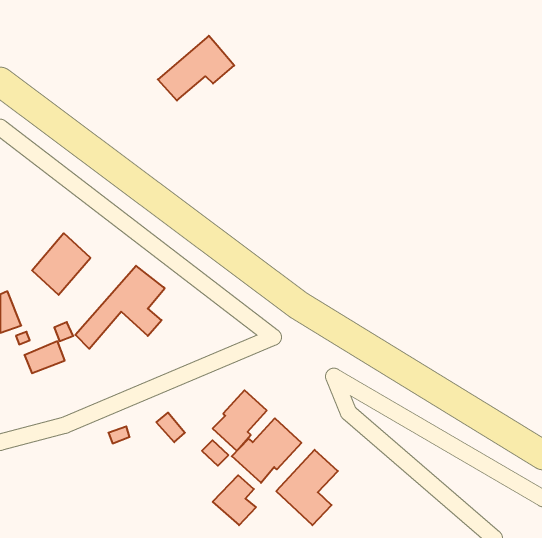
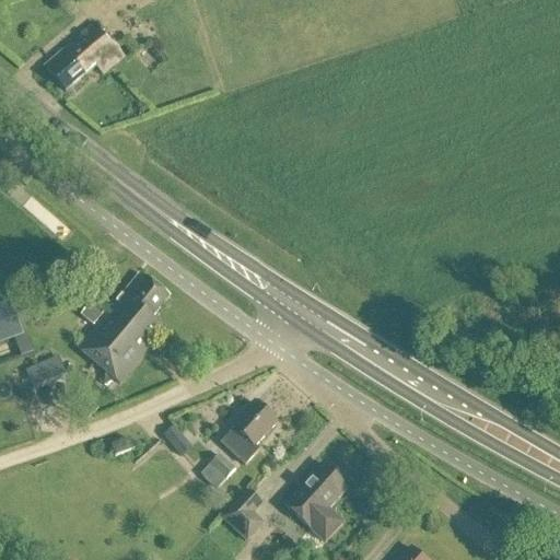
building: [158,36,234,101] -> [44,21,122,88]
building: [32,233,90,295] -> [93,320,153,384]
building: [232,418,301,483] -> none

